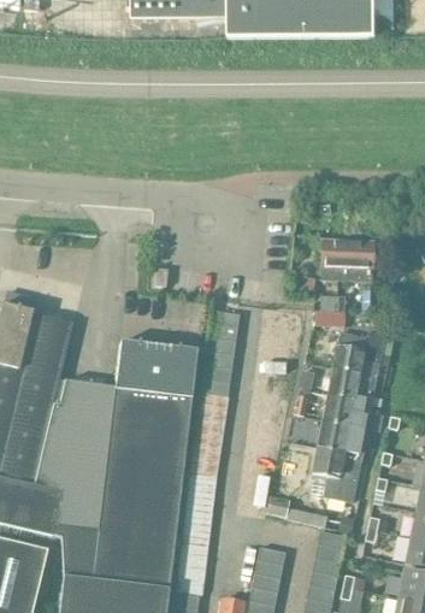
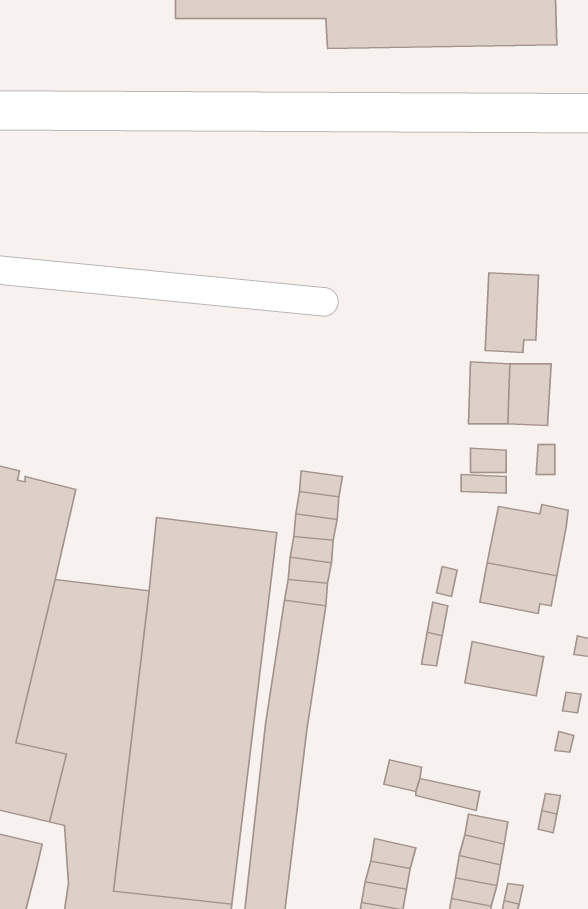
building: none -> [485,273,538,352]
building: [323,394,370,429] -> none
building: [312,446,364,500] -> none

